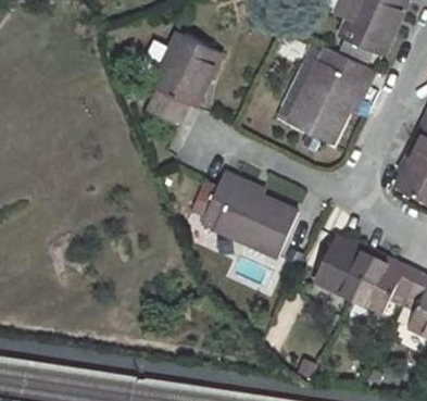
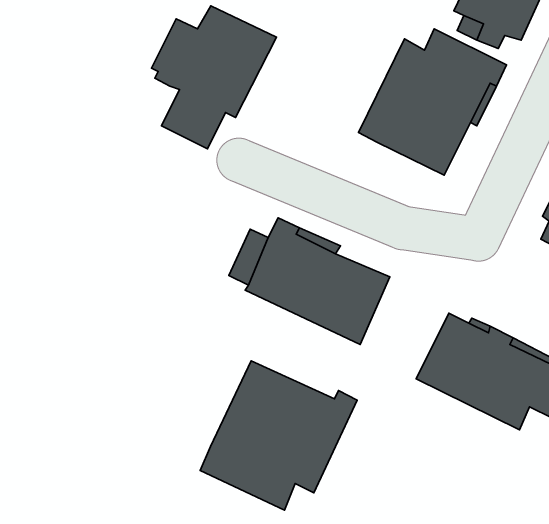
building: none -> [200,361,357,510]

